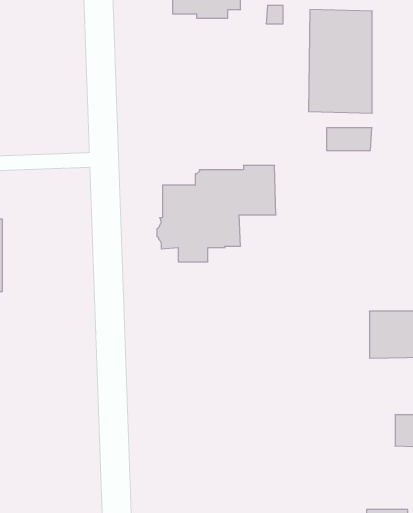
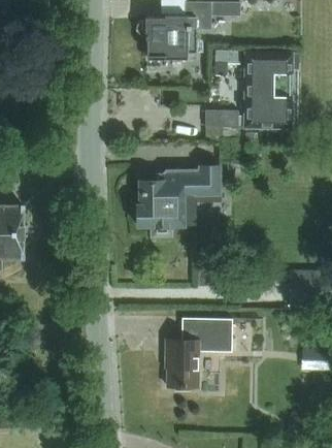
building: [327,128,372,150] -> [205,109,238,126]
building: none -> [166,317,232,386]

